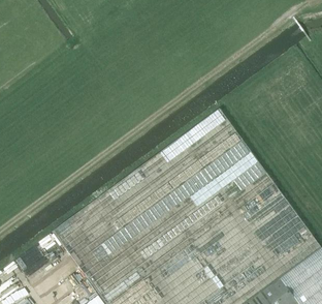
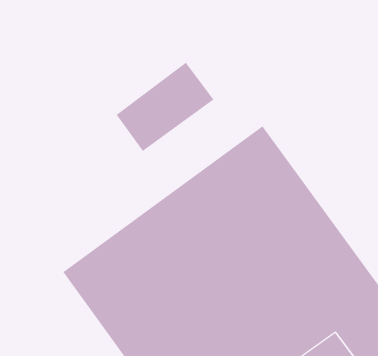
building: none -> [116,62,214,152]

